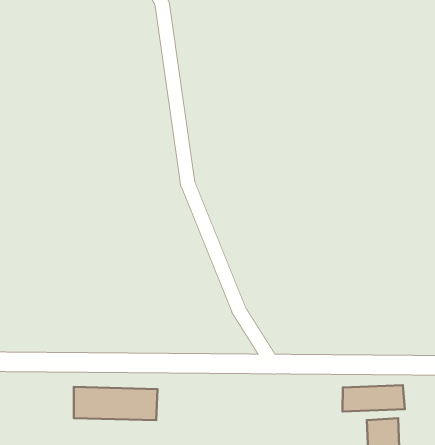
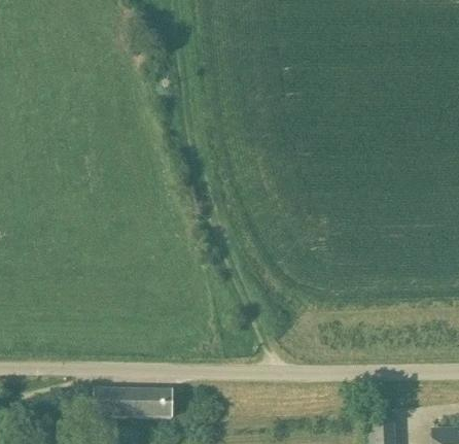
building: [343,385,405,411] -> none

